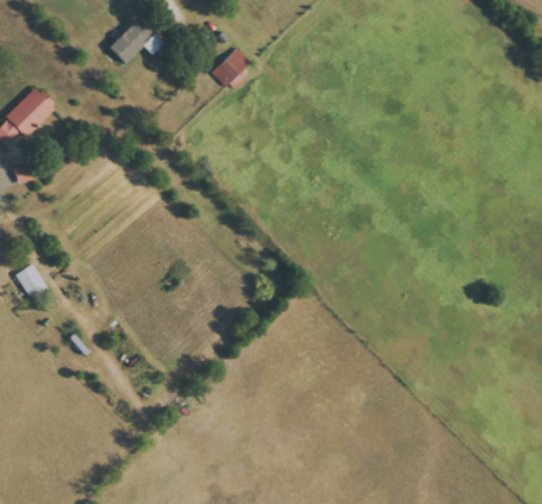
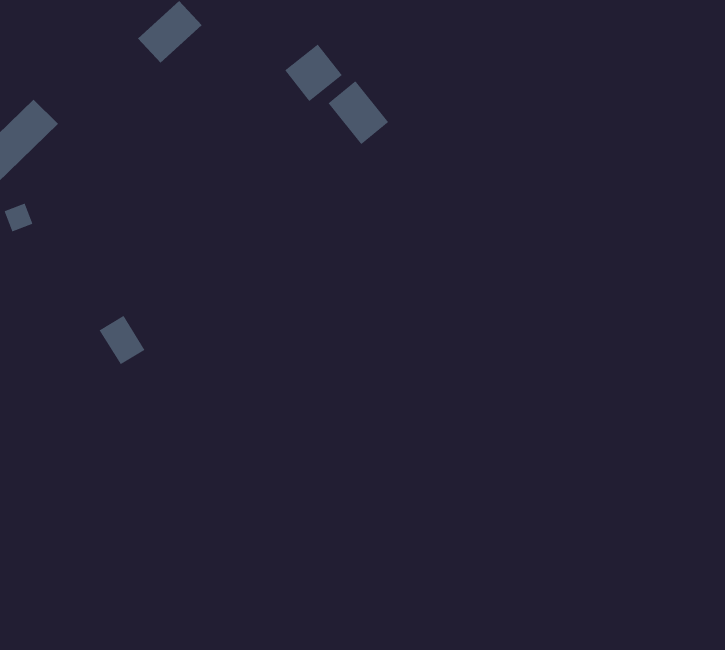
building: none -> [328,80,389,145]
building: [15,262,49,298] -> [99,315,145,365]

